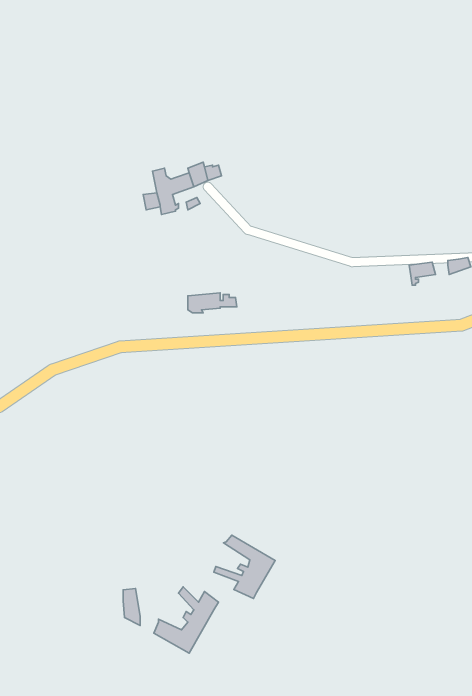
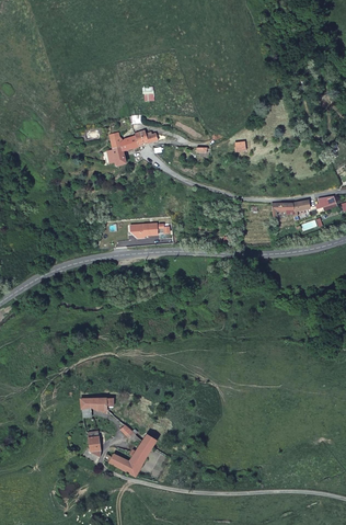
building: [214,535,275,599] -> none
building: none -> [80,397,113,418]

